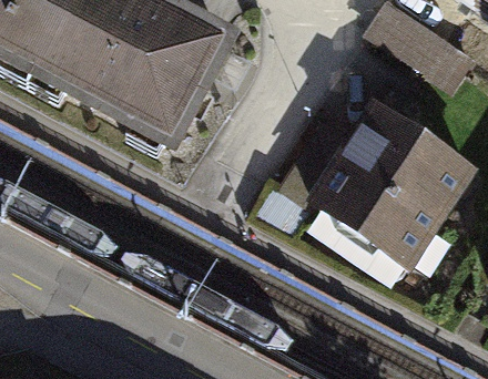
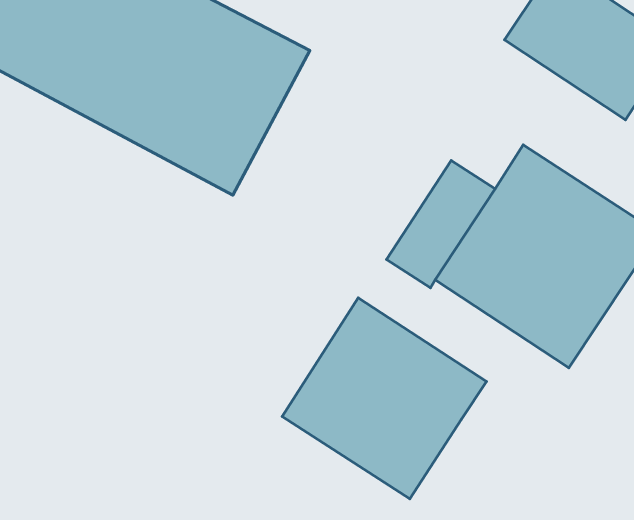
building: none -> [282,298,486,499]

